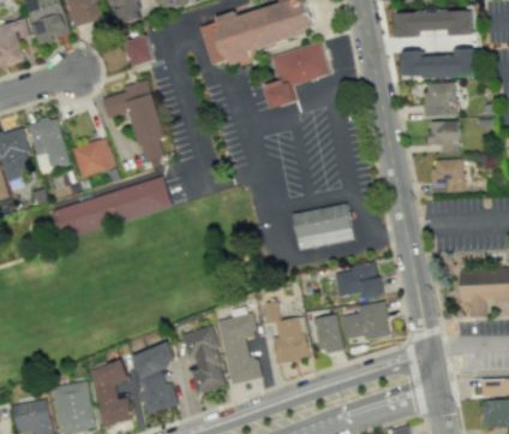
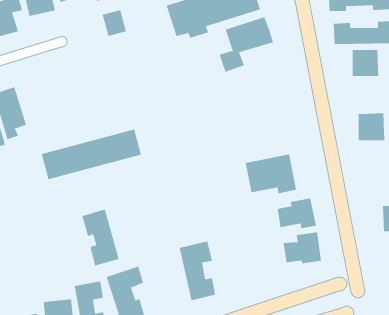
building: [101,78,164,161] -> none
building: [26,114,68,167] -> none
building: [427,120,459,151] -> none
building: [71,136,115,177] -> none
building: [263,301,306,362] -> none
building: [313,314,341,351] -> none
building: [180,325,226,393] -> [82,209,120,266]

